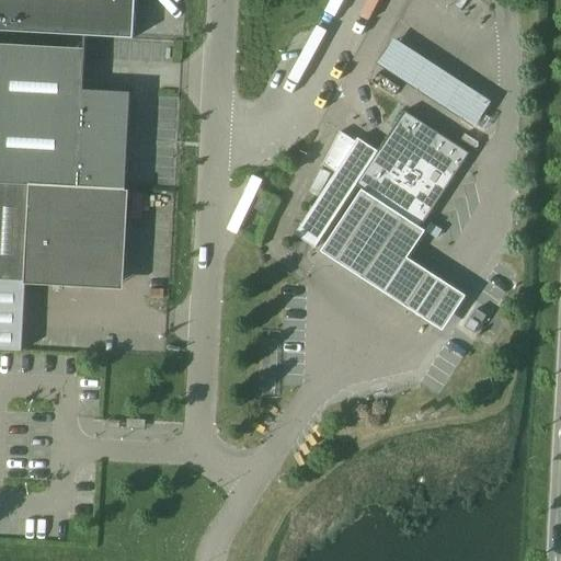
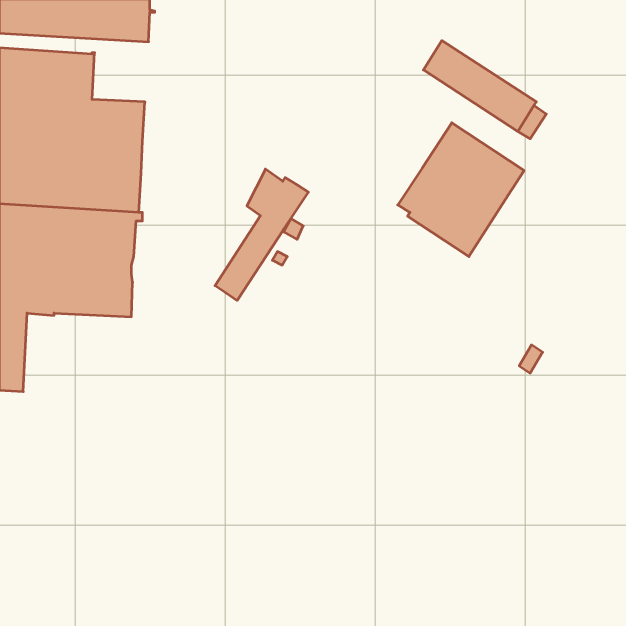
building: [294,129,377,247] -> [215,169,308,300]
building: [322,193,470,335] -> none

